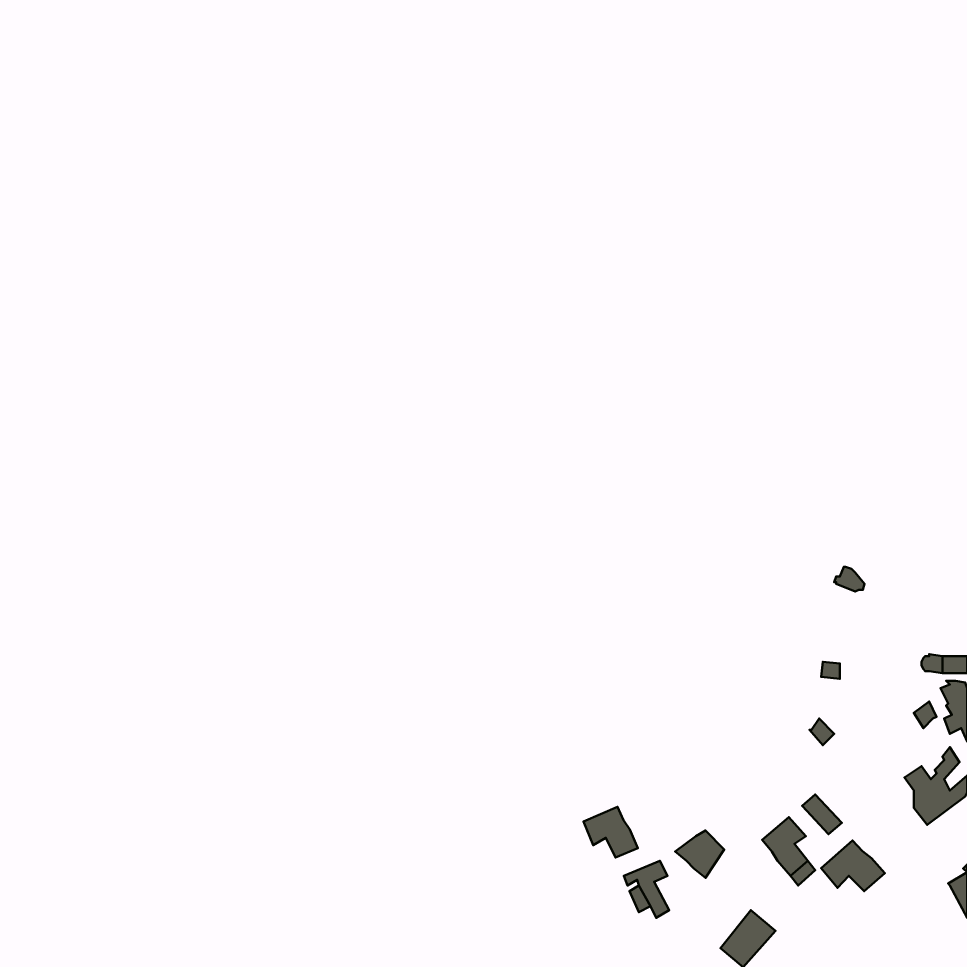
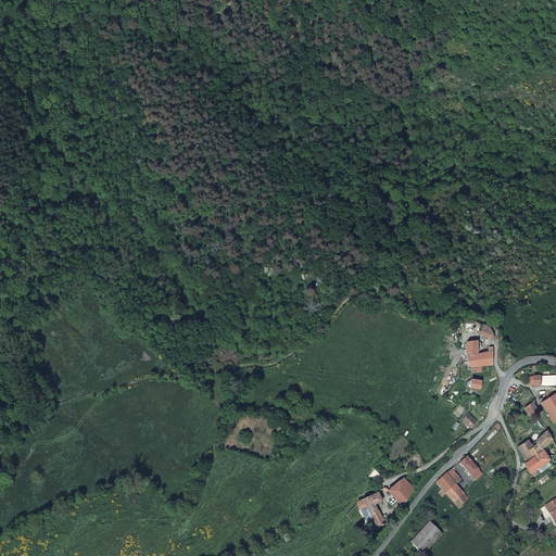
building: none -> [466,341,493,367]
building: [584,807,638,857] -> none
building: [821,840,885,891] -> none

